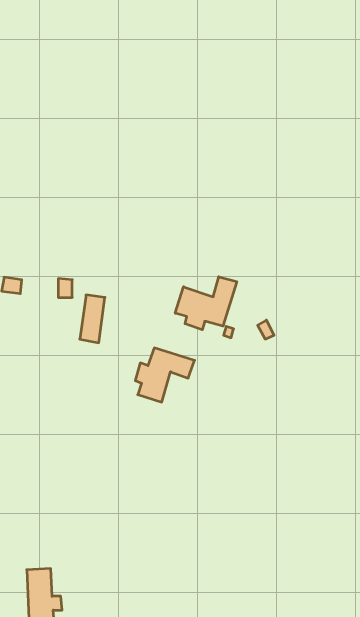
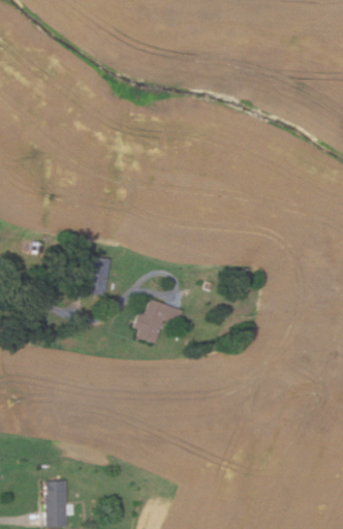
building: [175,277,237,330] -> none

